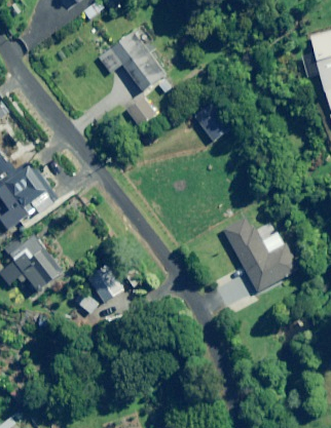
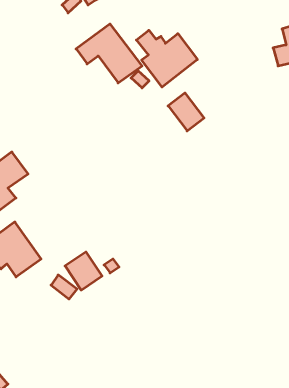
building: none -> [136,30,197,87]
building: [126,98,155,126] -> none
building: [217,207,293,284] -> none

